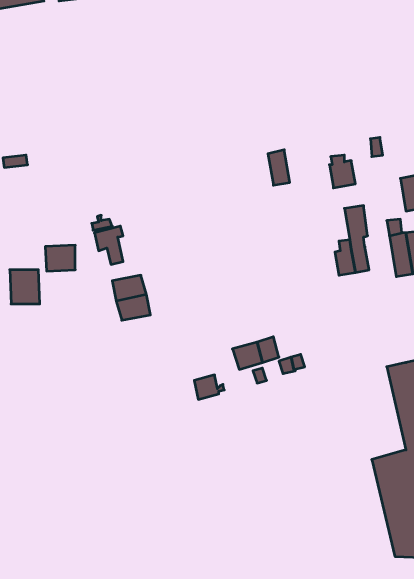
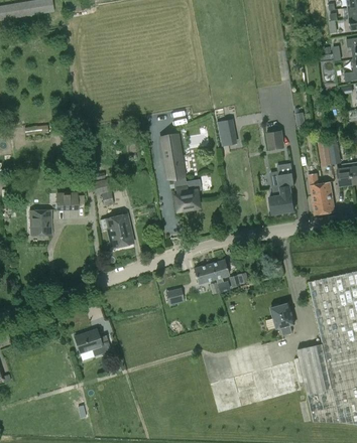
building: none -> [159,135,200,212]
building: none -> [271,303,294,336]
building: none -> [74,329,111,356]

